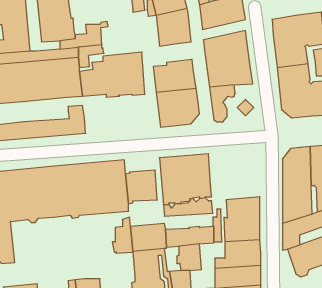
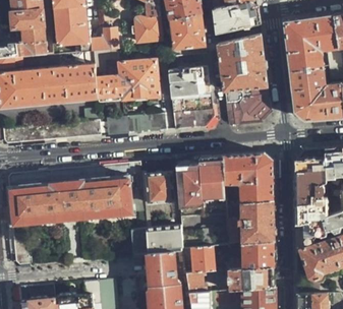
building: none -> [131,15,163,43]
building: none -> [107,115,165,136]
building: none -> [223,154,274,203]

